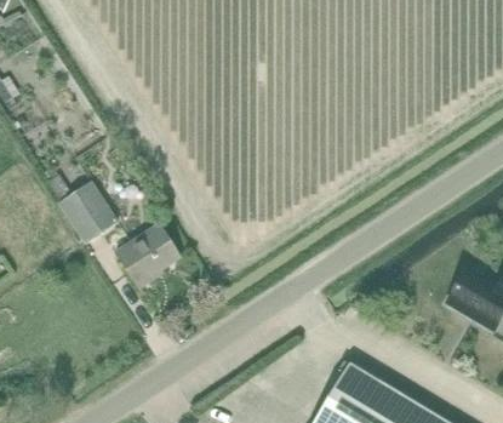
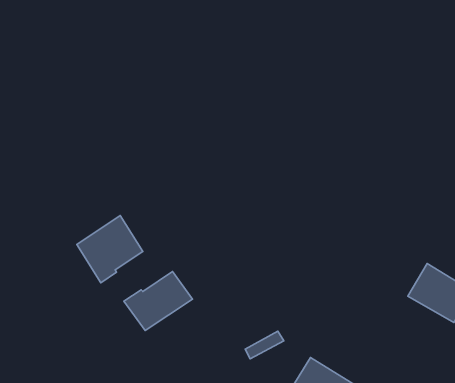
building: [57,182,119,245] -> none
building: none -> [124,271,192,331]

